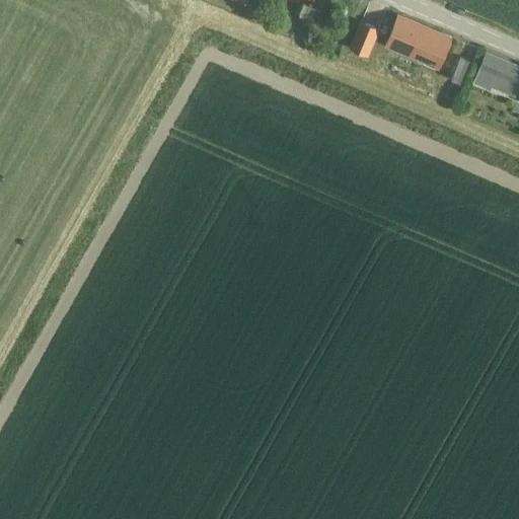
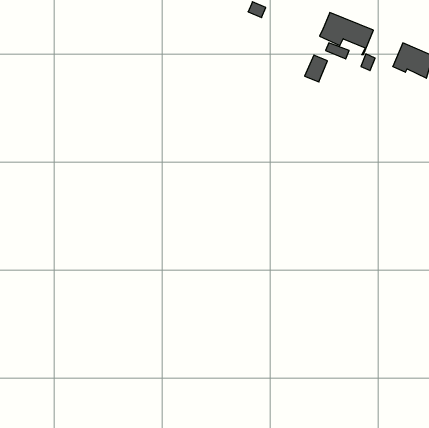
building: [352,22,379,55] -> [305,55,327,82]

